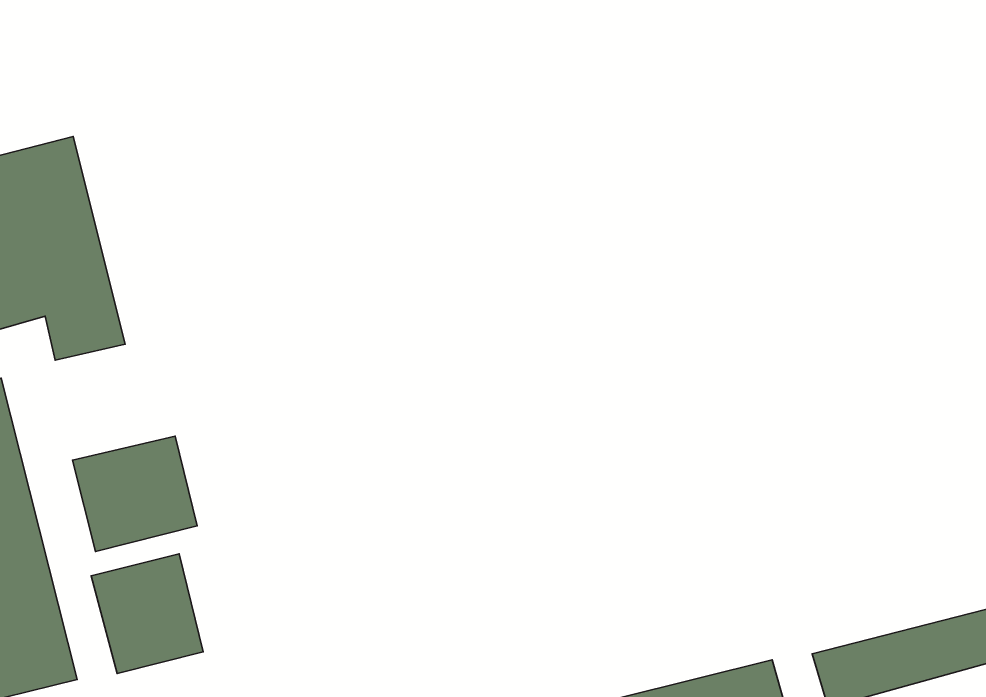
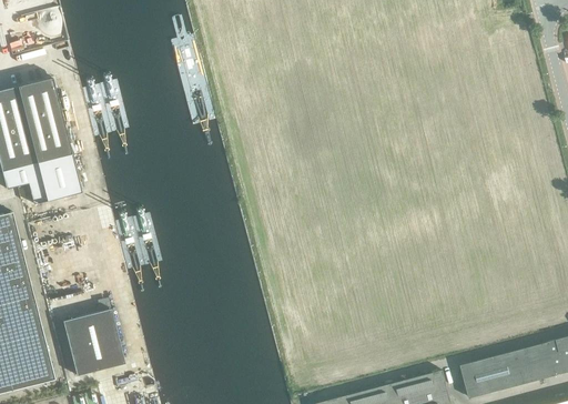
building: [73,436,197,552] -> none

